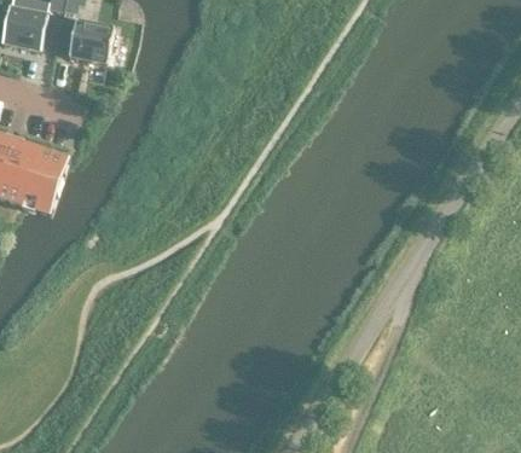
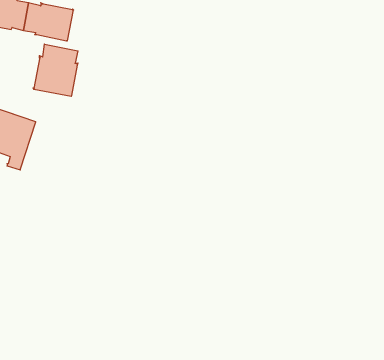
building: none -> [33,44,78,96]

